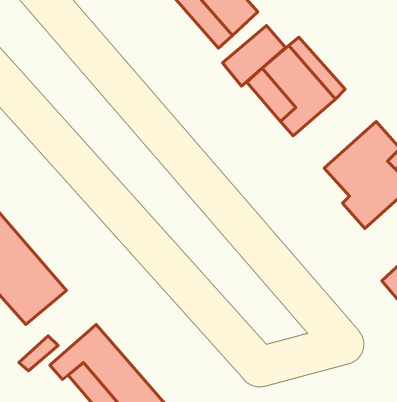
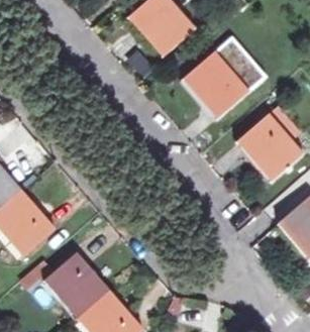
building: [223,25,286,86] -> none

